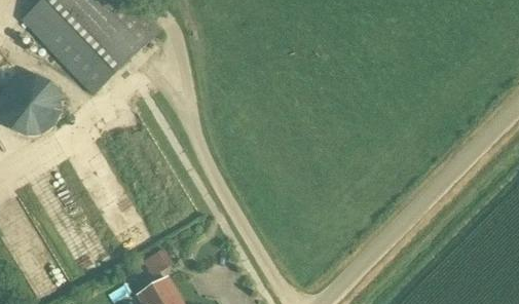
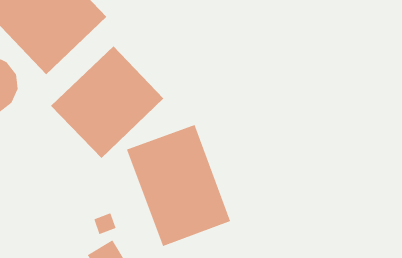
building: none -> [50,45,164,159]
building: none -> [126,124,231,247]

